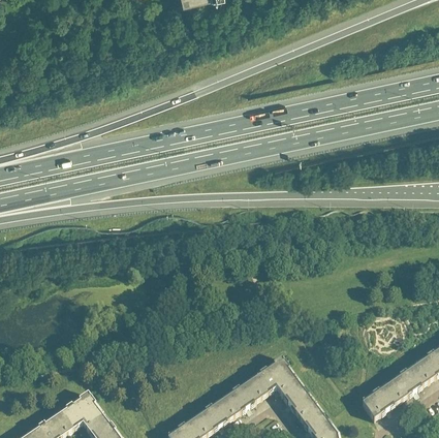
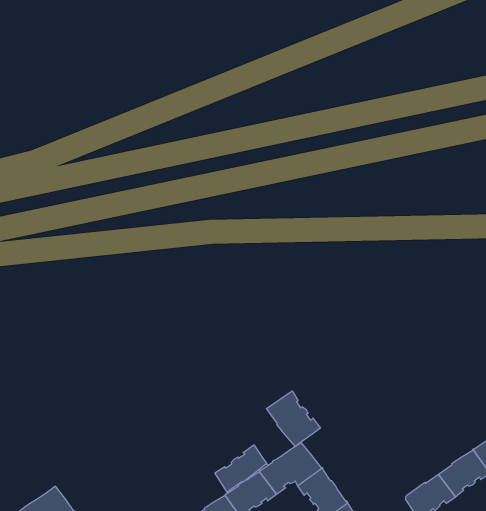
building: none -> [266,391,320,447]
building: none -> [215,445,267,492]

